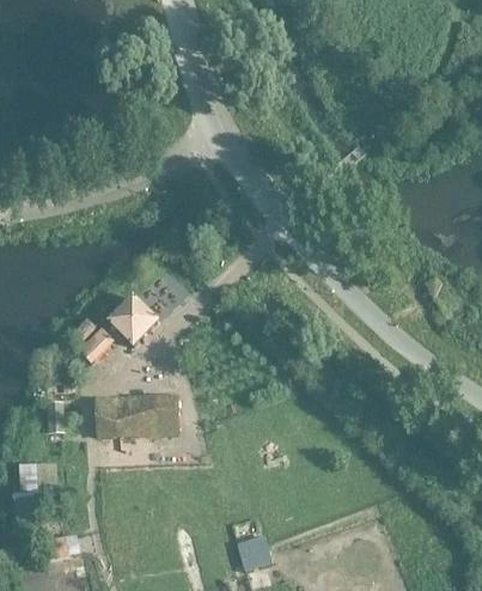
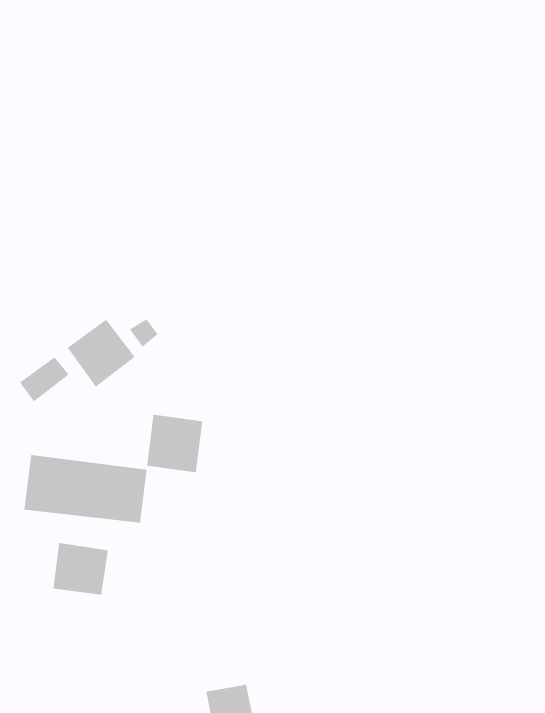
building: none -> [147,414,203,473]
building: none -> [53,542,108,596]

